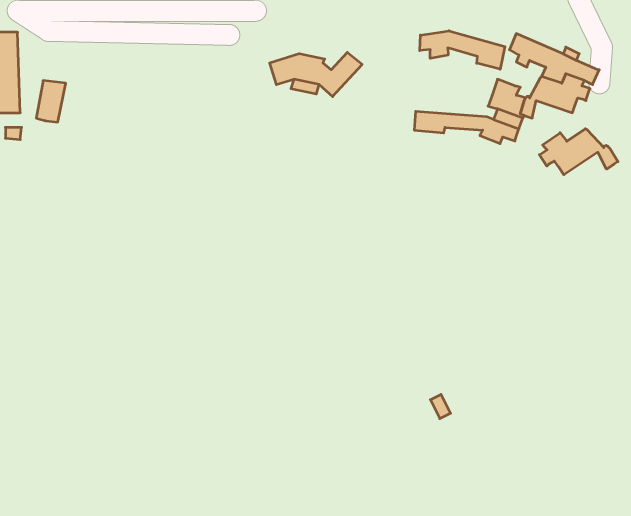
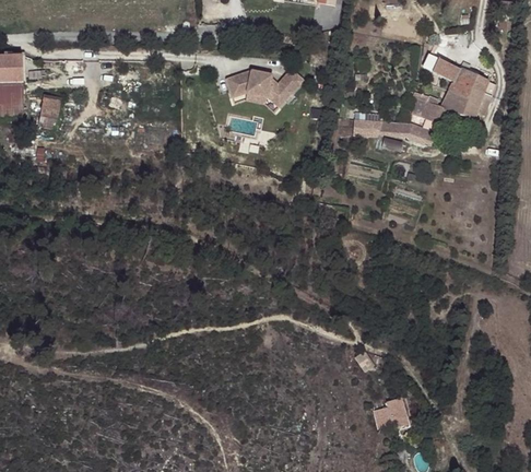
building: [420,31,505,69] -> none
building: [539,129,618,175] -> none
building: none -> [375,394,410,429]

